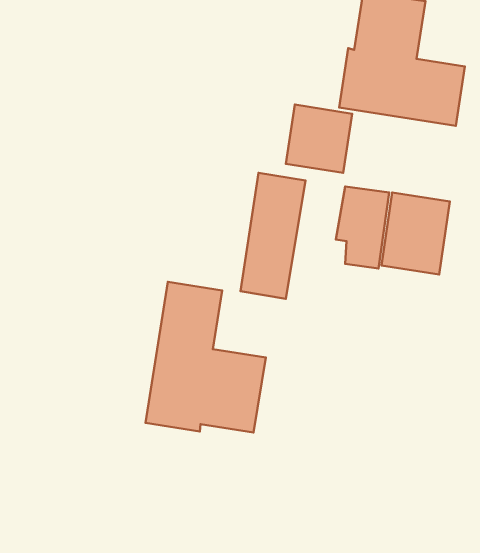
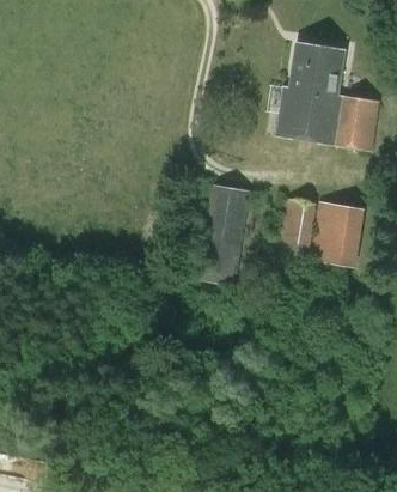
building: [286,105,352,173] -> none
building: [145,282,266,432] -> none

